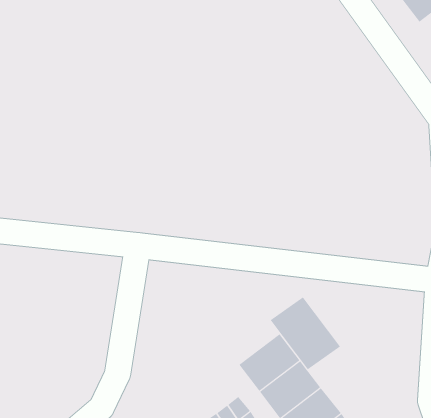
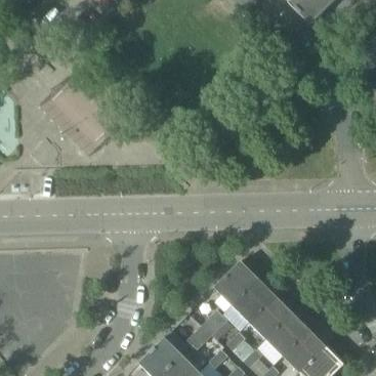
building: [270,296,341,370] -> none

